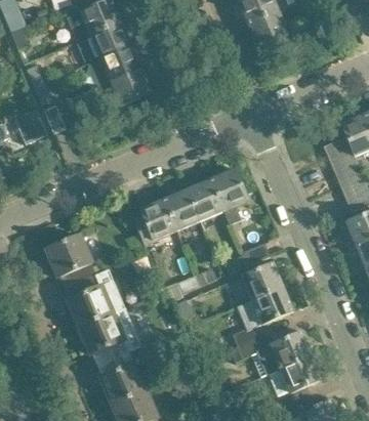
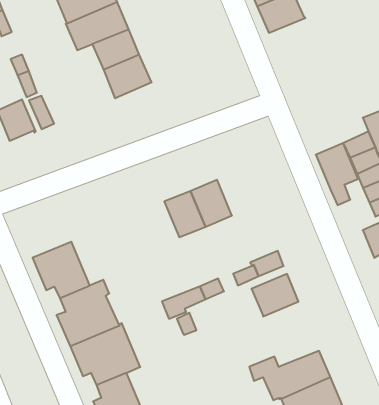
building: [210,168,248,223] -> [316,143,358,205]
building: [133,198,176,244] -> none
building: [233,287,293,345] -> none

